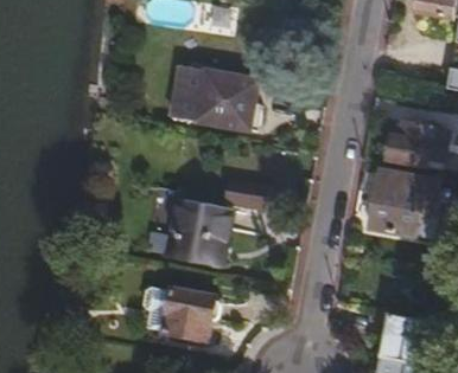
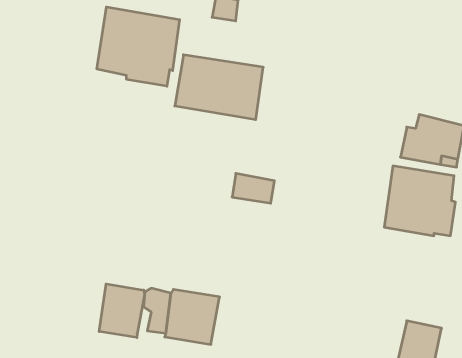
building: none -> [97,7,180,86]
building: [171,201,233,262] -> none
building: none -> [99,284,145,338]

